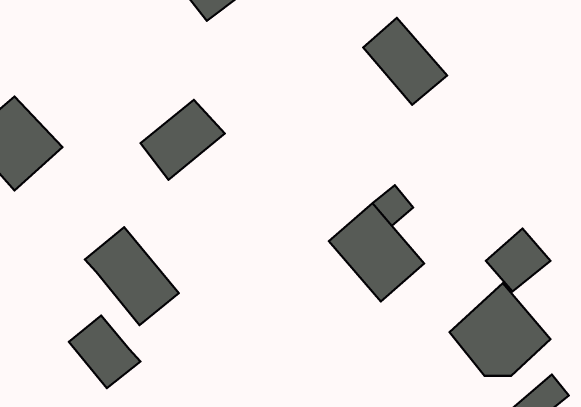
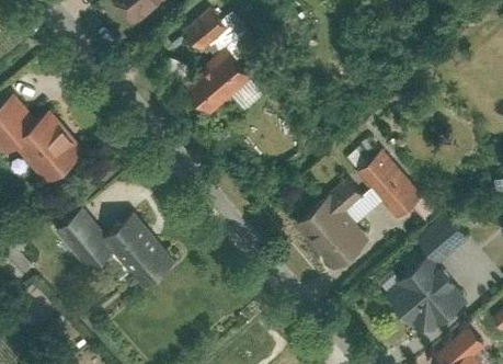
building: [363,18,447,105] -> [355,151,421,219]
building: [141,100,225,180] -> [187,52,253,114]
building: [69,315,141,388] -> [56,212,112,269]

